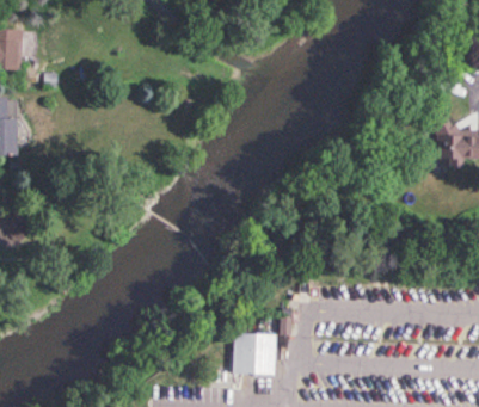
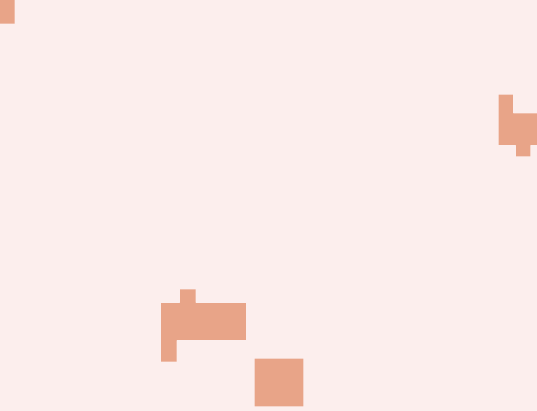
building: none -> [160,289,247,363]

